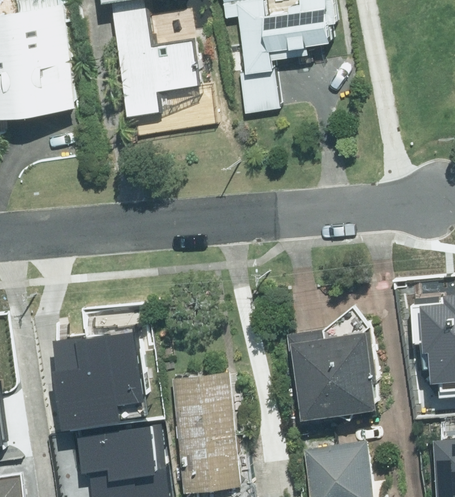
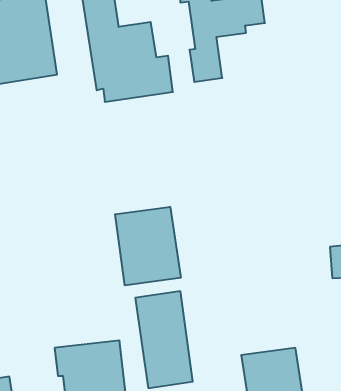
building: none -> [115,207,181,285]
building: [290,303,381,411] -> none
building: [37,338,137,436] -> none

